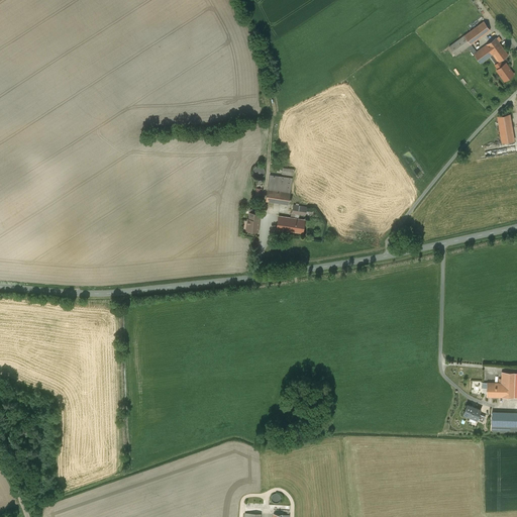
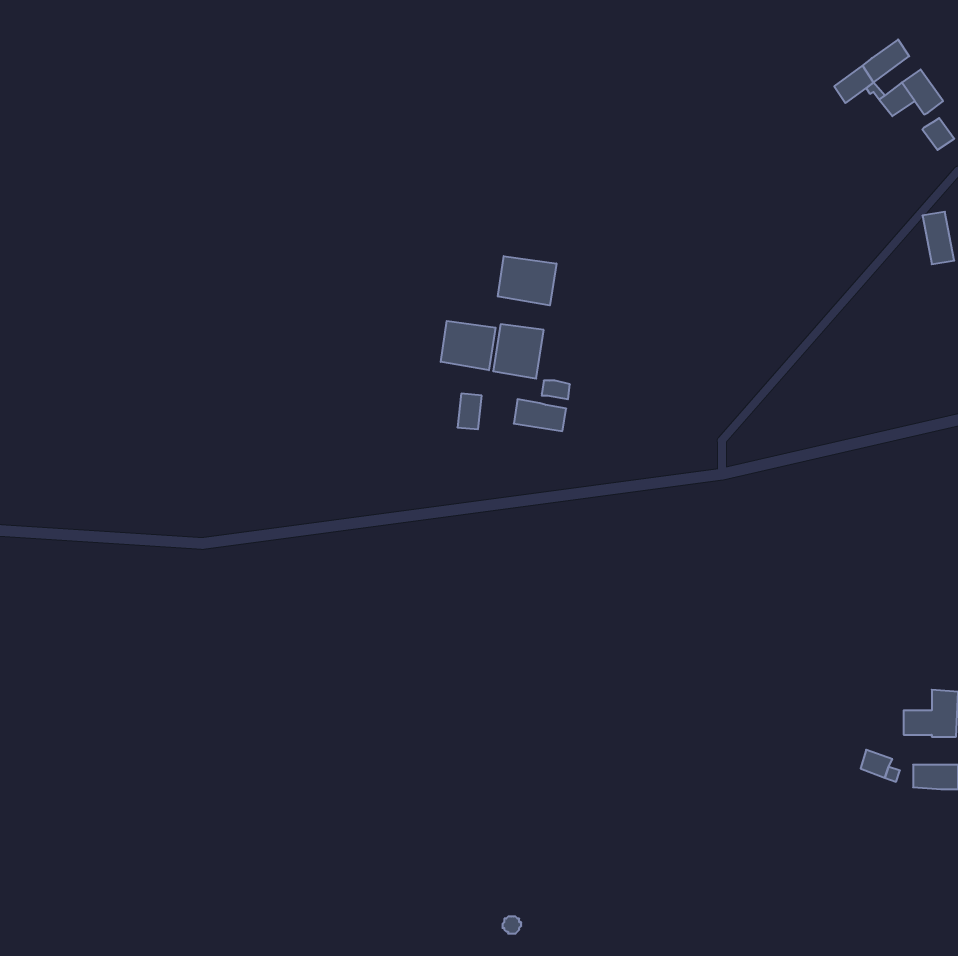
building: none -> [498,256,556,305]
building: none -> [441,321,496,370]

